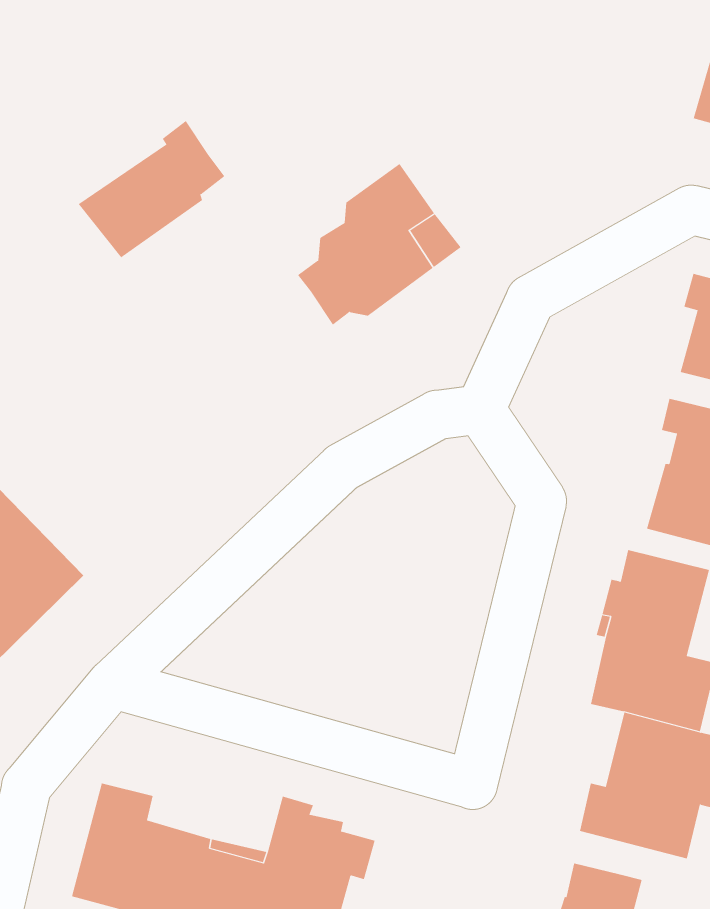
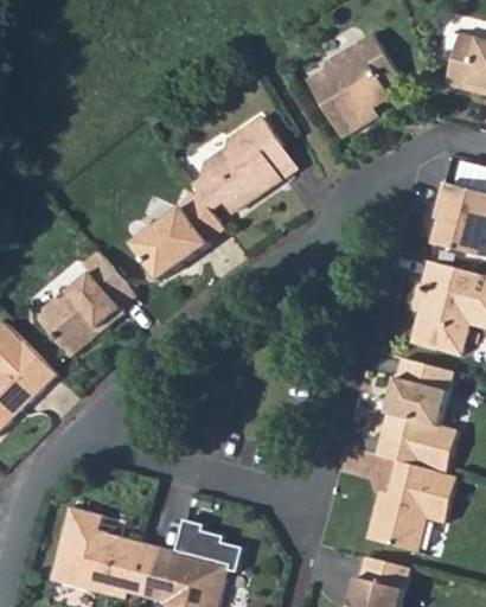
building: none -> [307,34,399,138]
building: [78,120,225,258] -> [130,193,224,281]
building: none -> [40,251,135,360]

